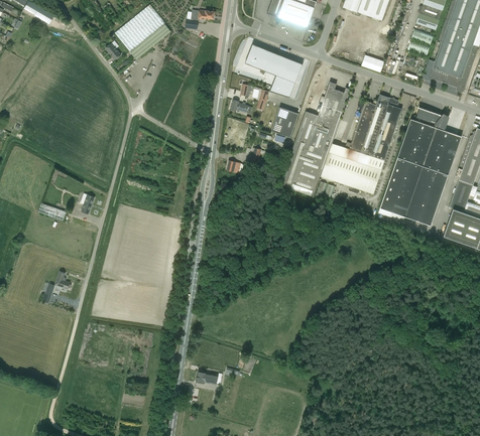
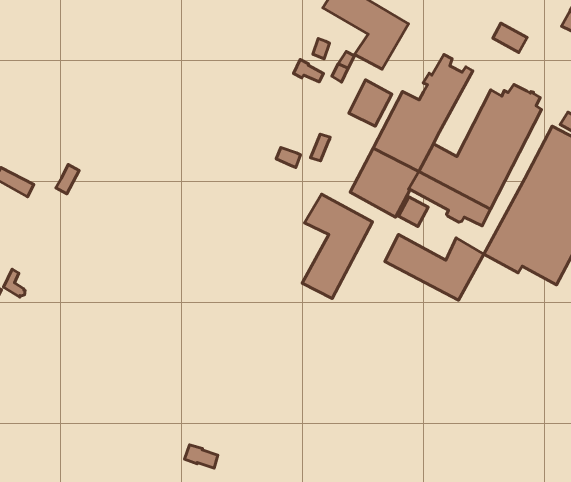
building: none -> [302,194,372,299]
building: none -> [385,234,484,300]

